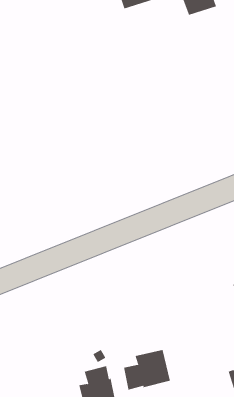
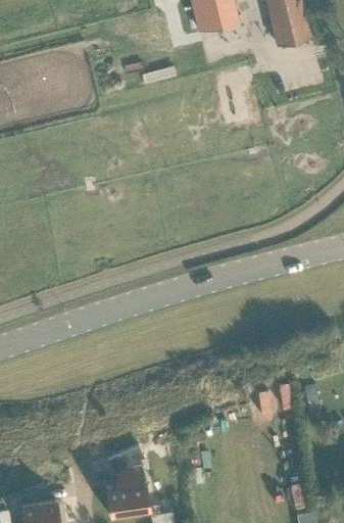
building: [123,349,170,390] -> none

